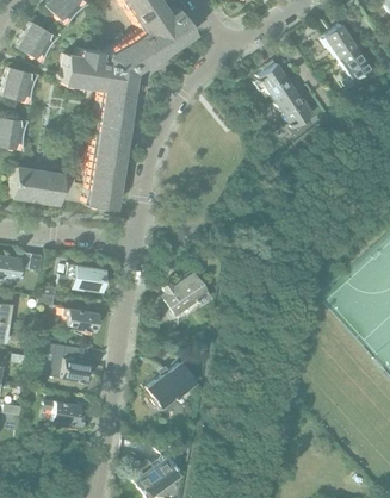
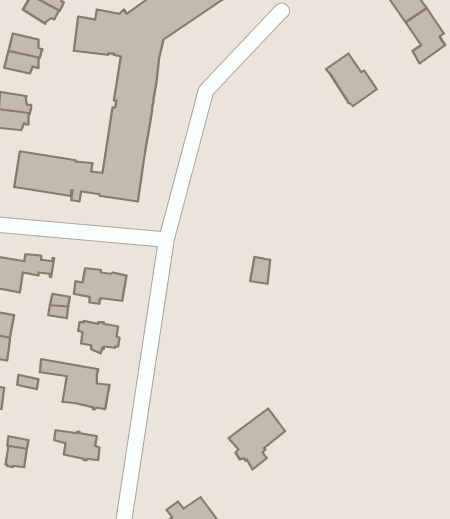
building: [258,61,293,98] -> none
building: [165,274,212,316] -> none
building: [150,363,198,415] -> [228,408,285,470]

